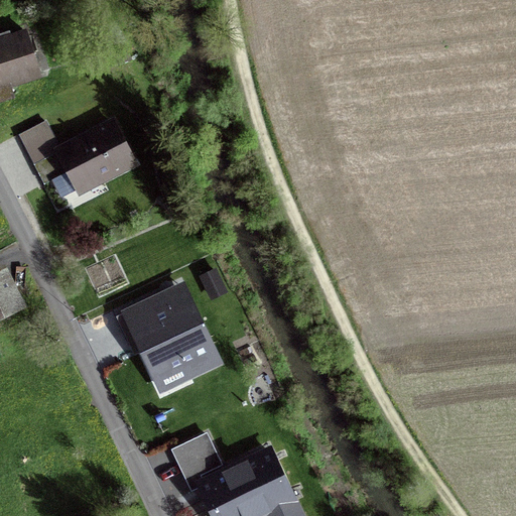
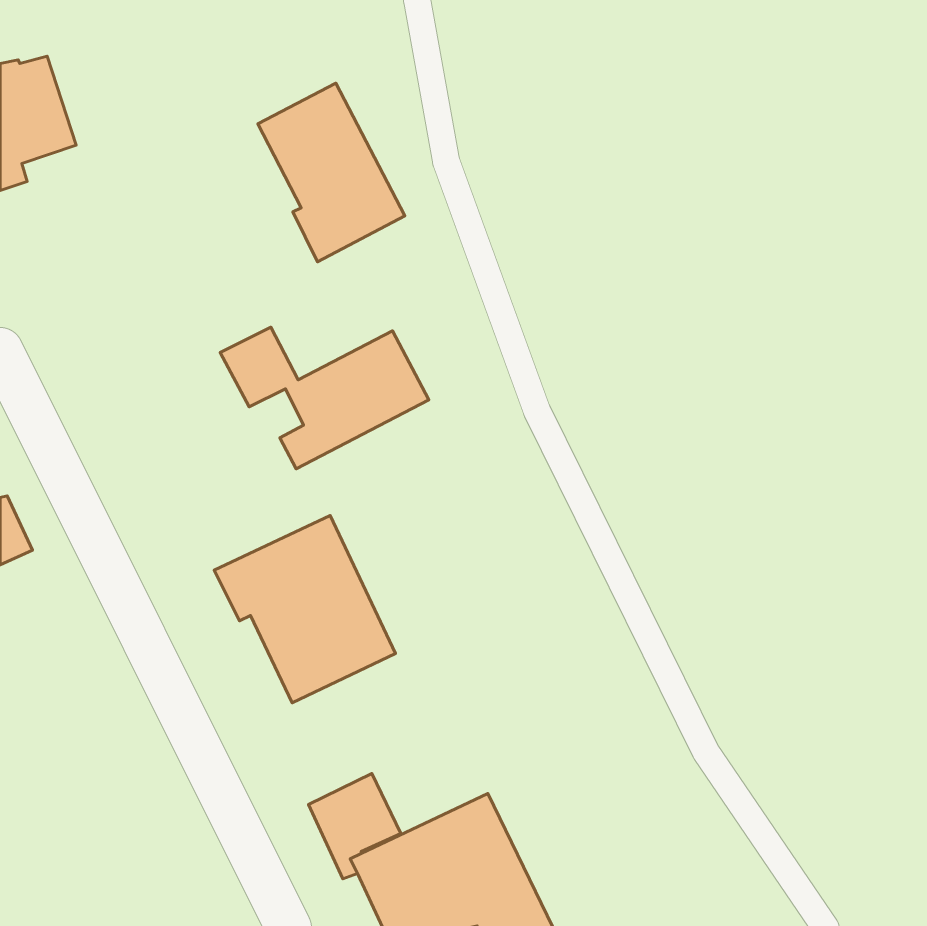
building: none -> [258,83,405,262]
building: [18,122,134,201] -> [220,327,429,469]

